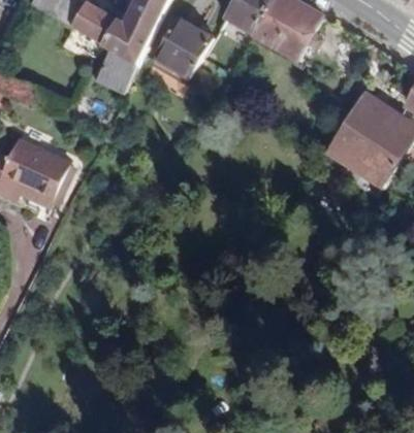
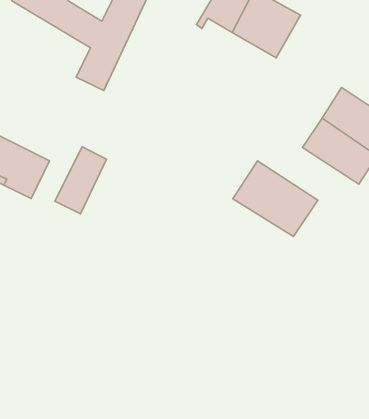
building: [151,16,211,78] -> none
building: none -> [55,147,106,214]
building: none -> [233,161,318,236]

